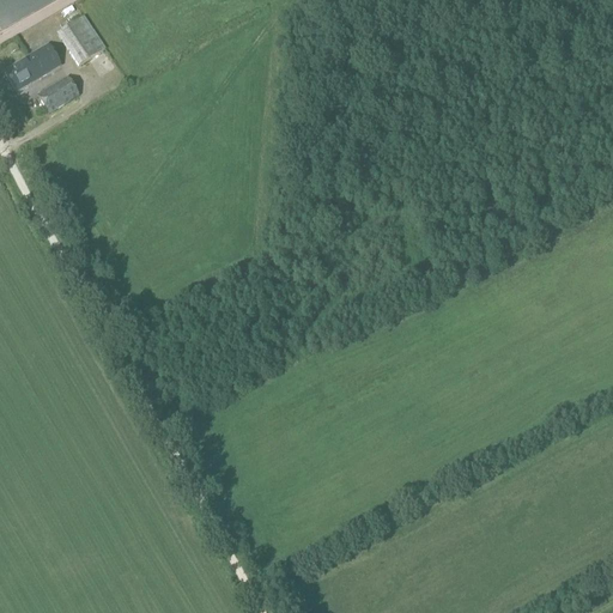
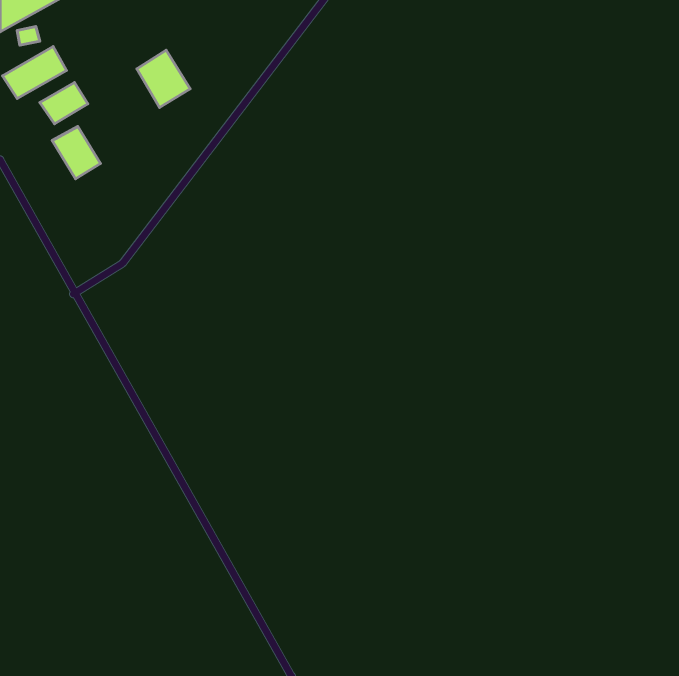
building: [59,12,107,63] -> [137,50,190,107]
building: none -> [52,126,101,179]

